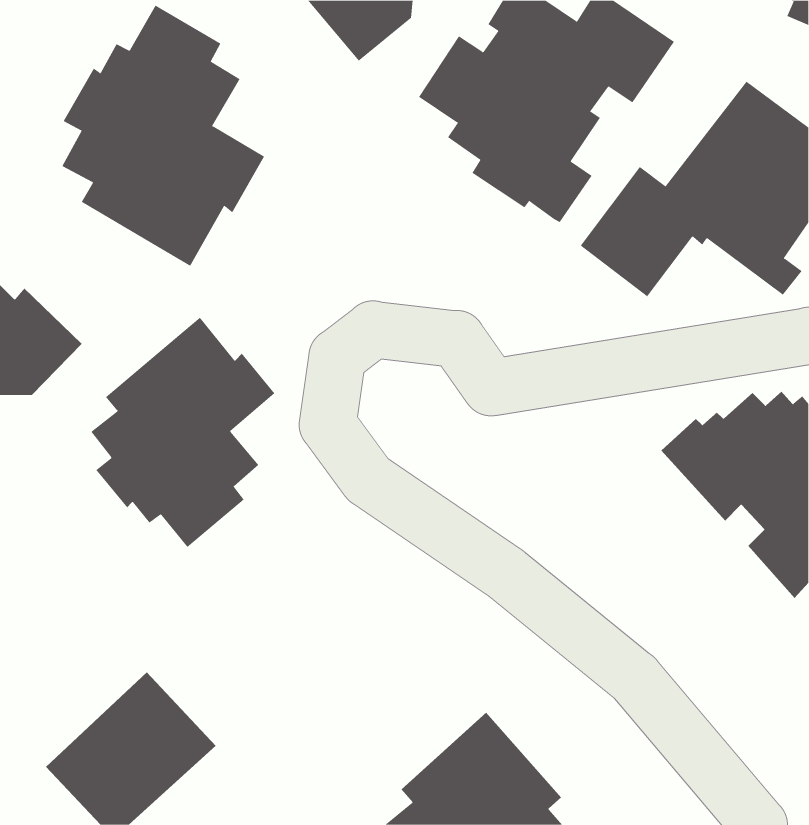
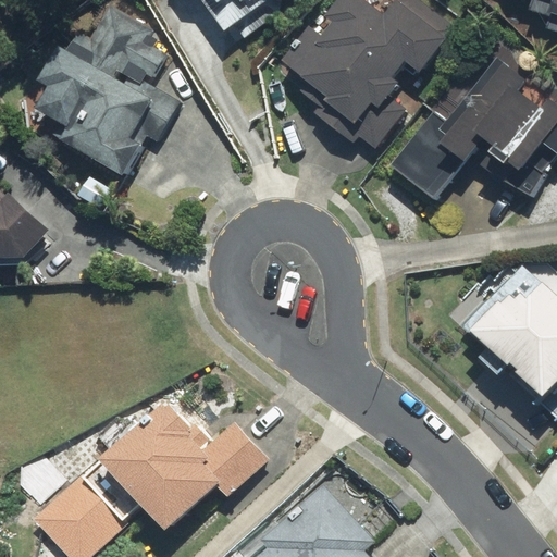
building: [90,317,275,548] -> none
building: none -> [92,396,269,525]

